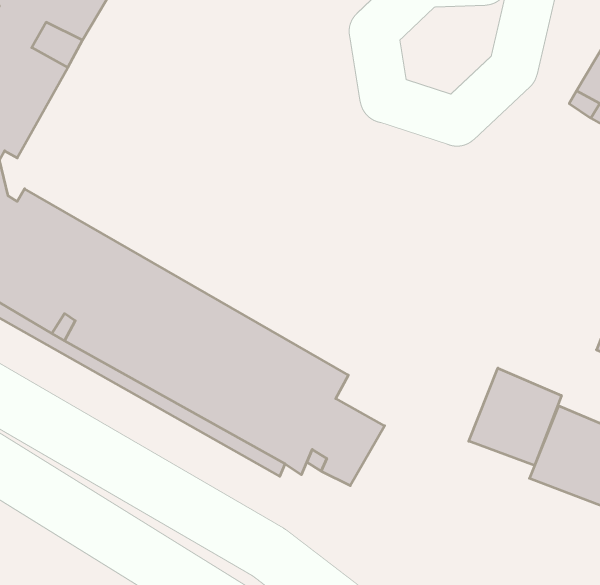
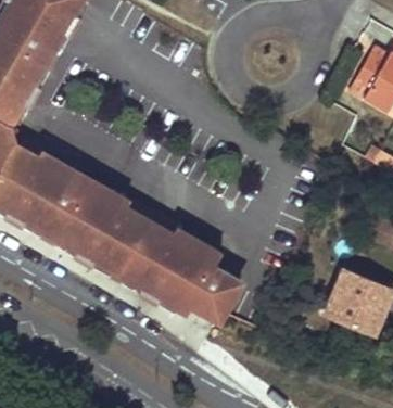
building: [469,368,561,466] -> none

